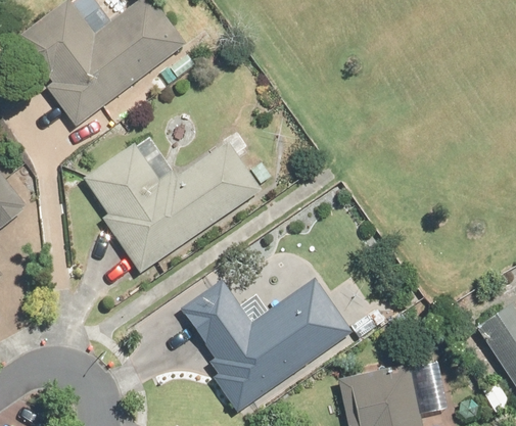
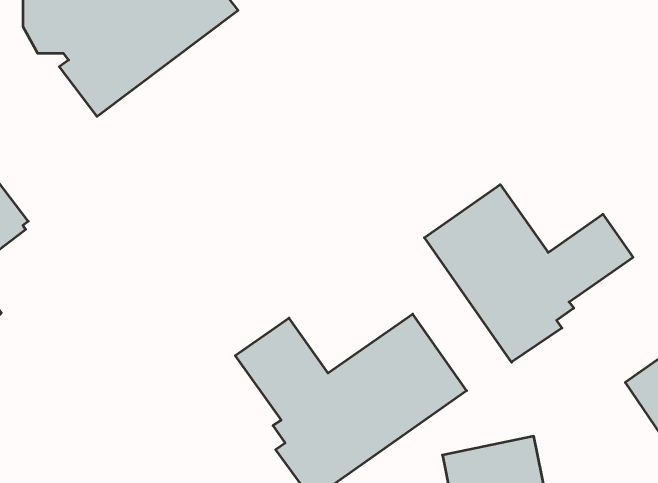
building: [85,143,260,272] -> none
building: none -> [424,185,633,362]

